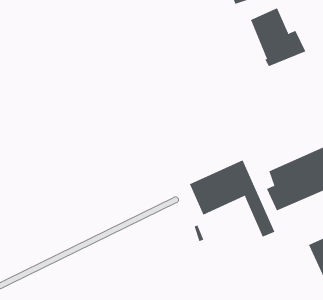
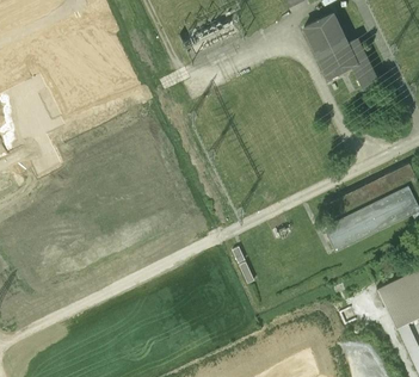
building: [189,160,275,238] -> none

